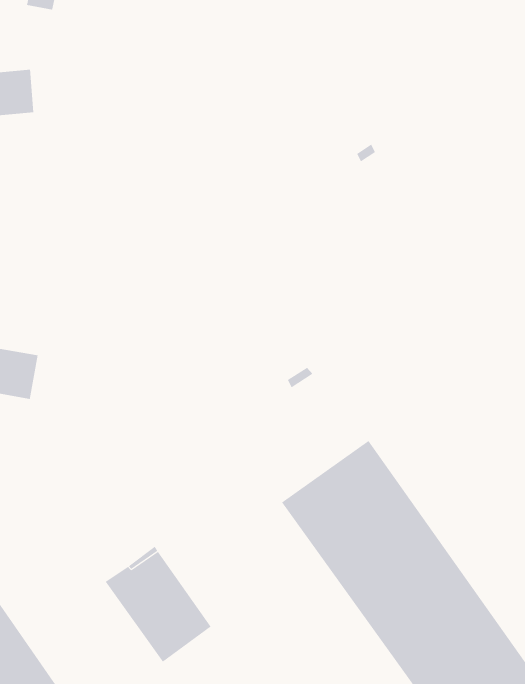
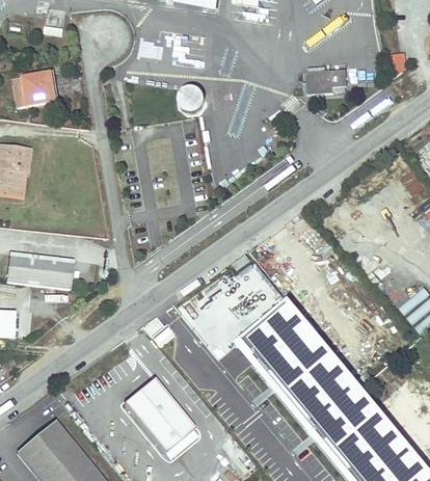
building: none -> [307,70,347,93]

